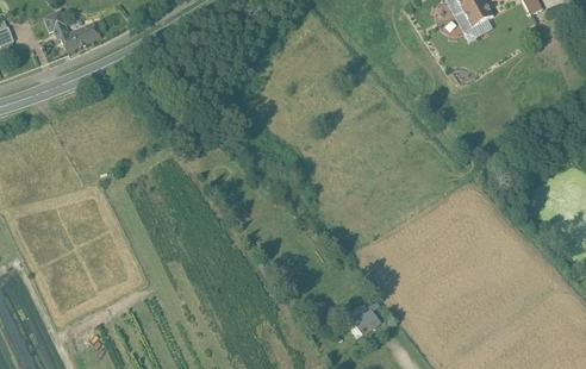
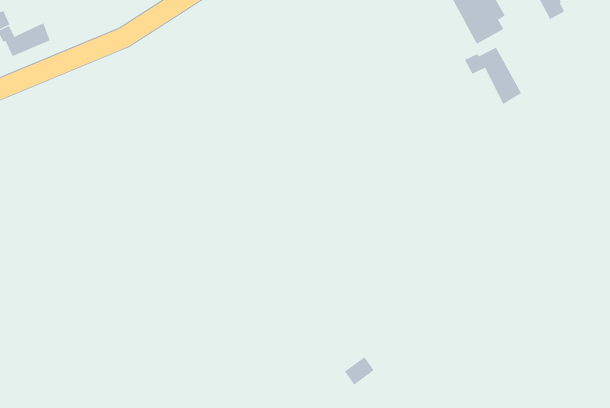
building: none -> [464,47,522,105]

